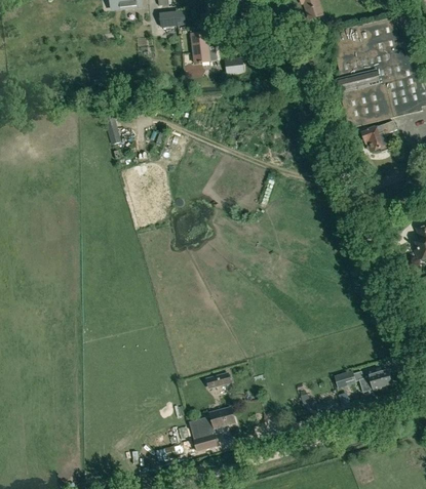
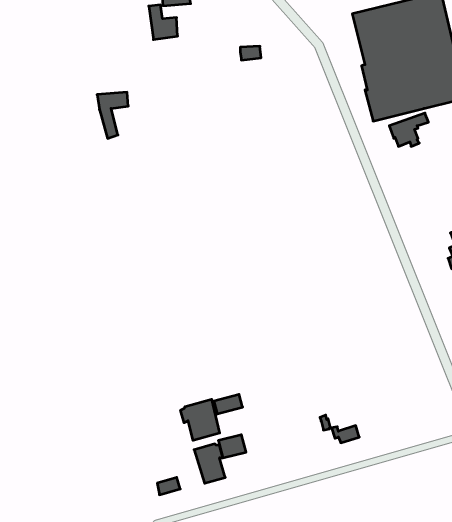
building: [190,33,216,64] -> [149,5,178,40]
building: [334,371,390,392] -> none
building: none -> [181,399,220,440]

